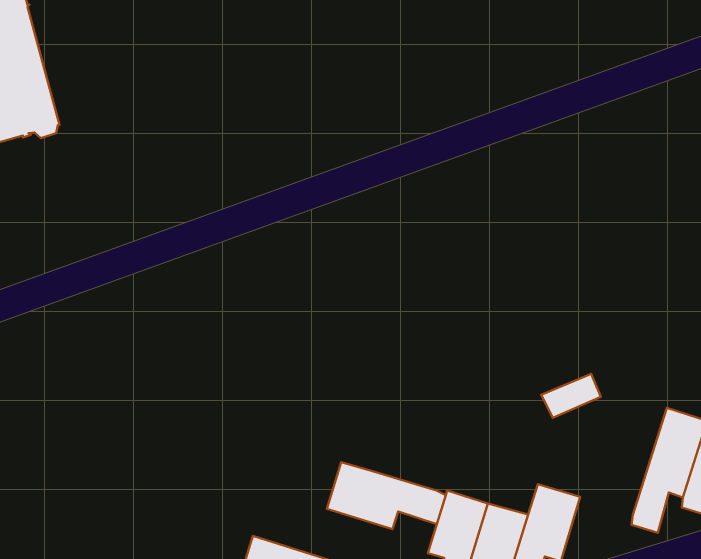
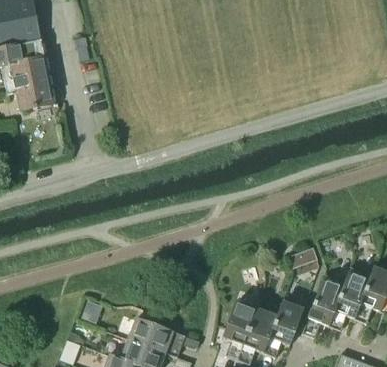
building: none -> [302,276,344,338]
building: [327,462,446,529] -> none

